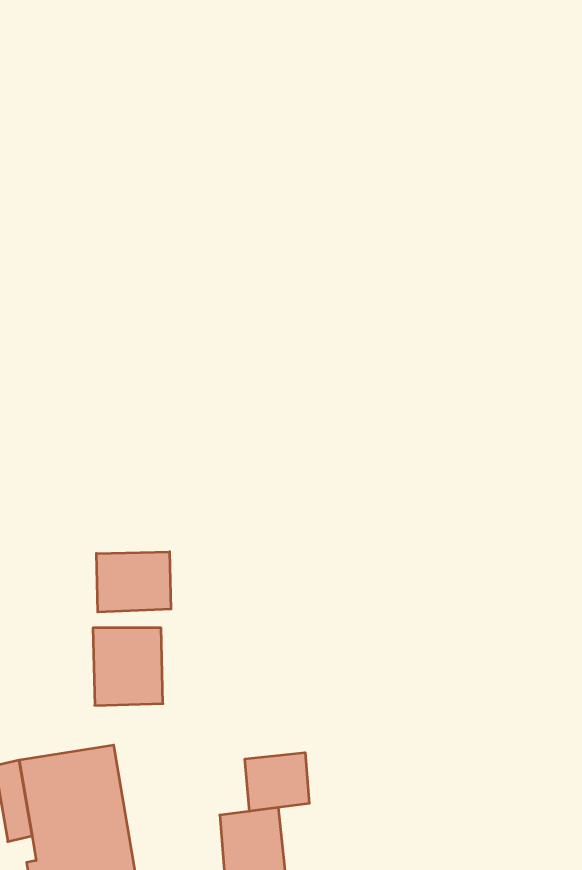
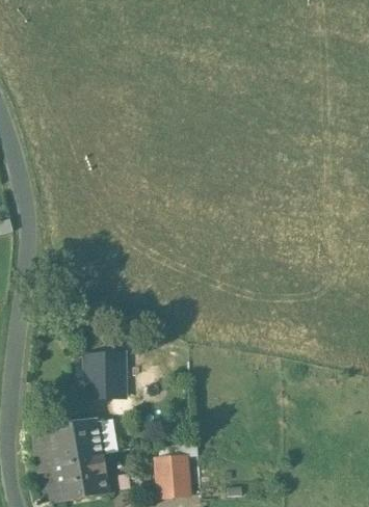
building: [96,552,171,612] -> none
building: [245,753,309,811] -> none

